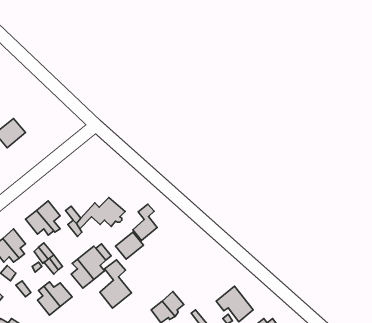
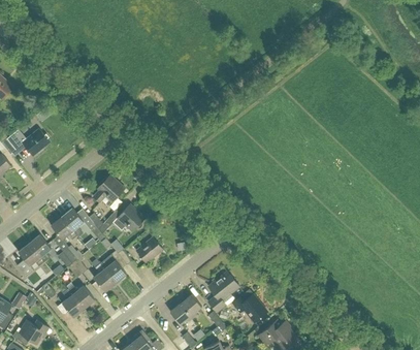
building: none -> [93,174,125,208]
building: [133,204,157,241] -> none
building: [100,260,131,308] -> none
building: none -> [208,272,239,312]

